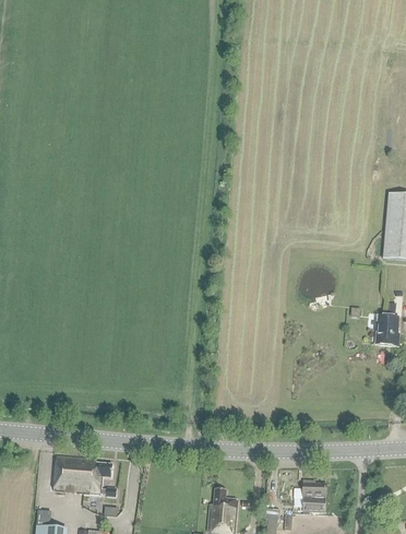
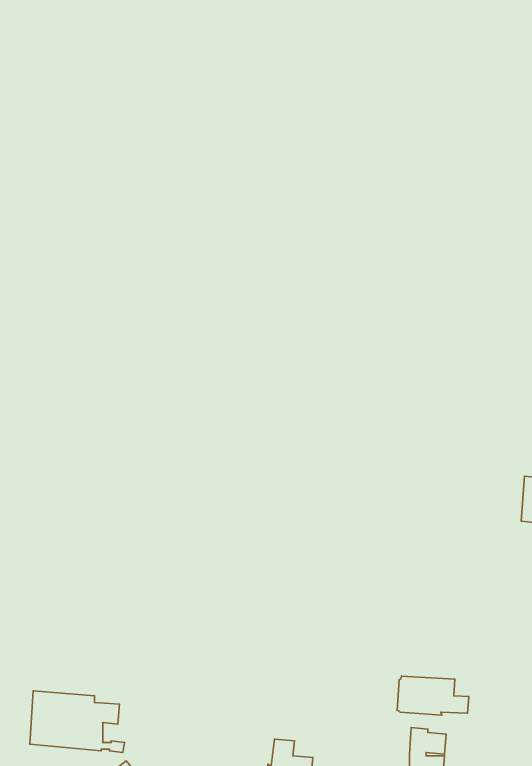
building: none -> [397,676,469,715]

